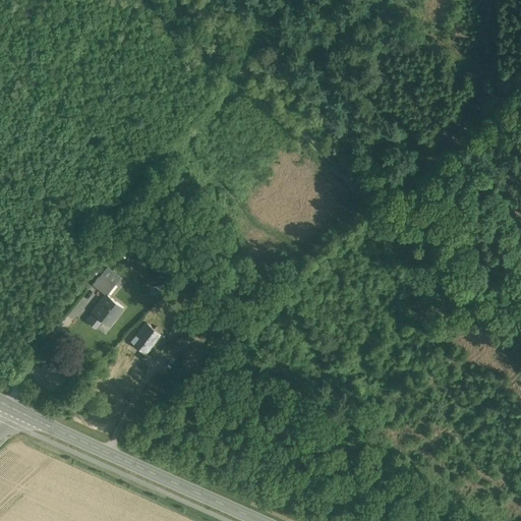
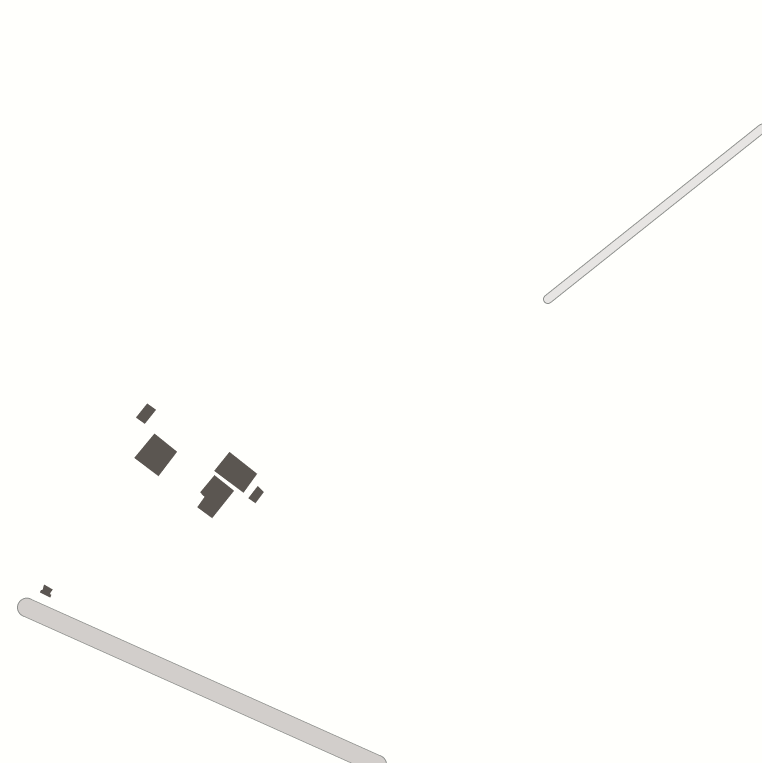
building: none -> [213,451,258,494]

